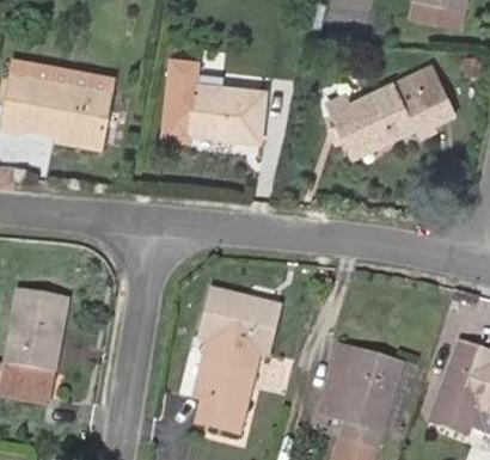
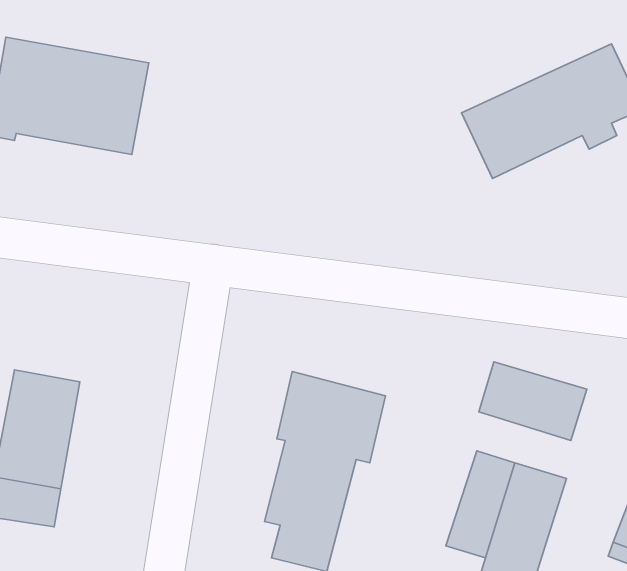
building: [163,59,267,140] -> none
building: none -> [479,362,587,440]

